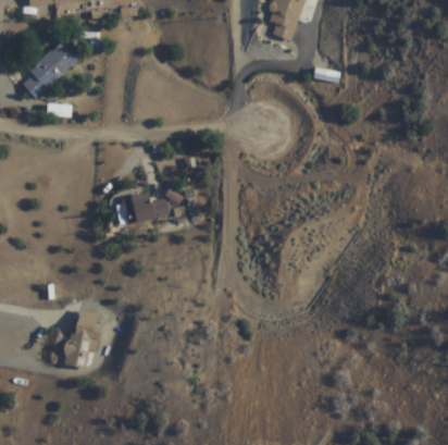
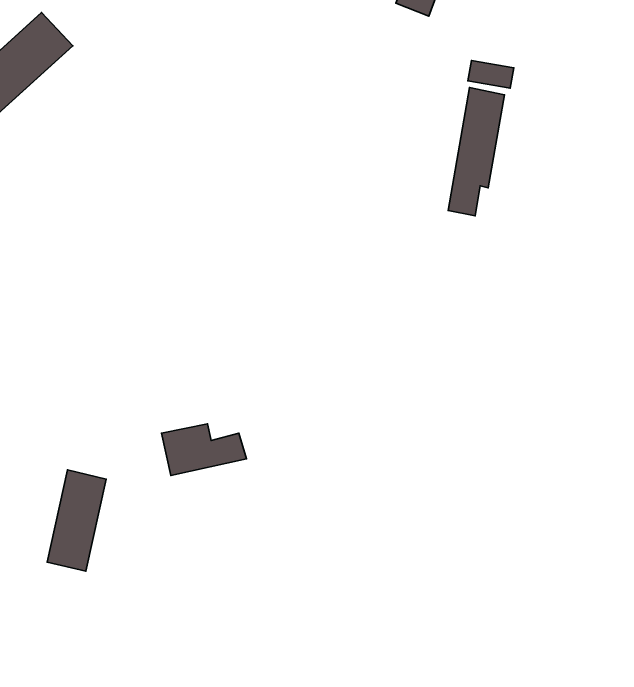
building: none -> [448,88,504,216]
building: [119,194,169,224] -> [161,424,246,476]

